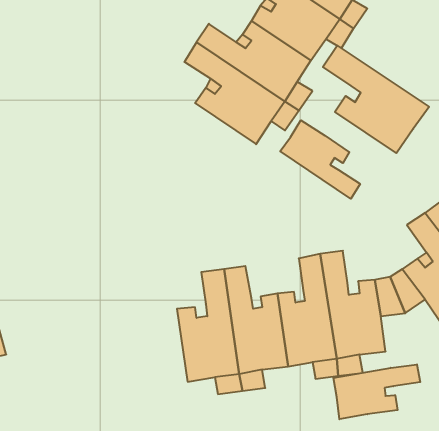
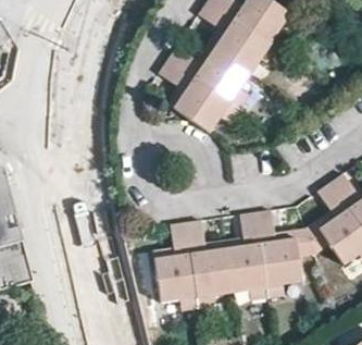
building: [323,46,429,153] -> none
building: [280,120,360,199] -> none
building: [333,364,420,419] -> none

